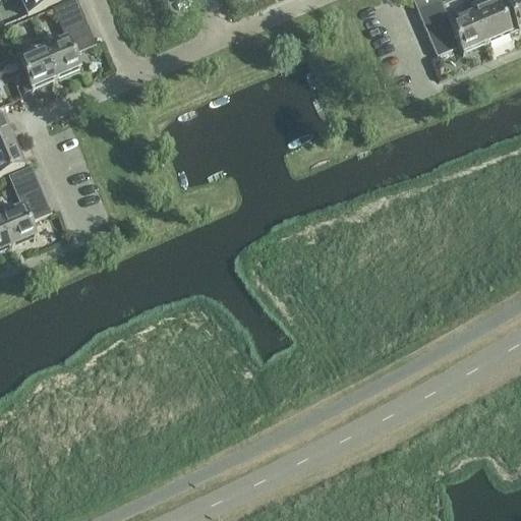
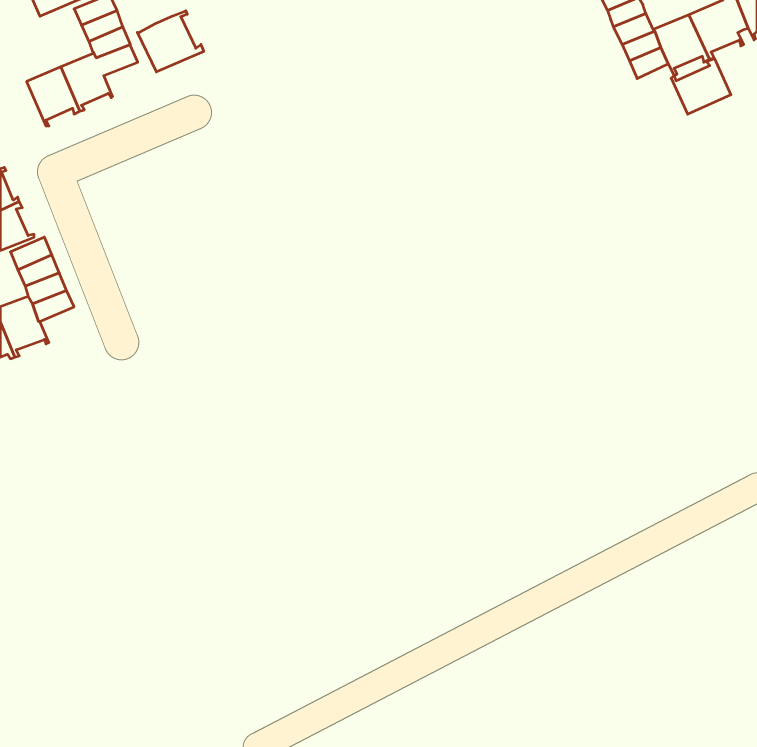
building: none -> [137,11,204,72]
building: none -> [671,58,731,114]

